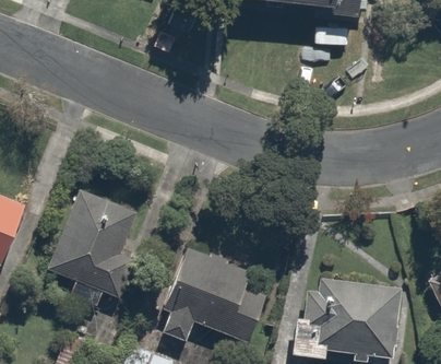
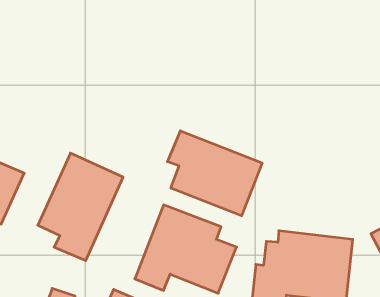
building: none -> [167,131,262,216]

